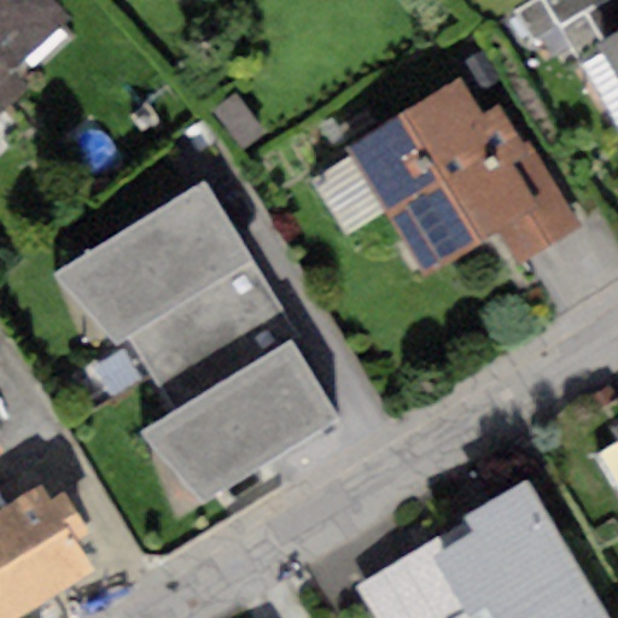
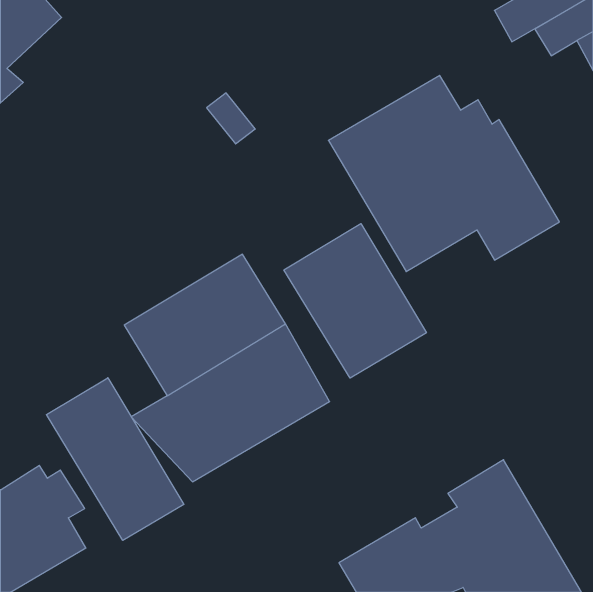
building: [52,180,252,348] -> none
building: none -> [284,224,426,378]
building: none -> [46,378,184,540]

